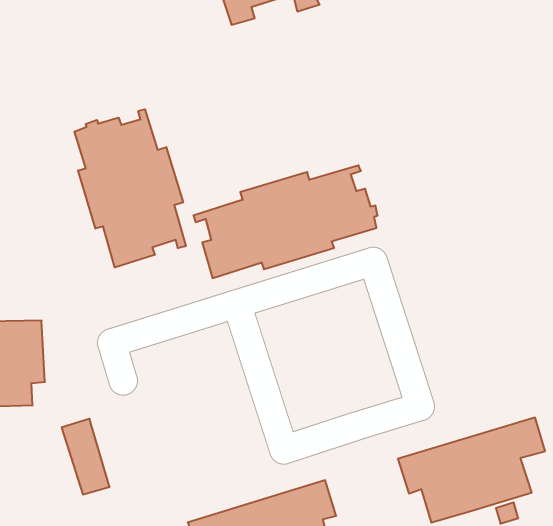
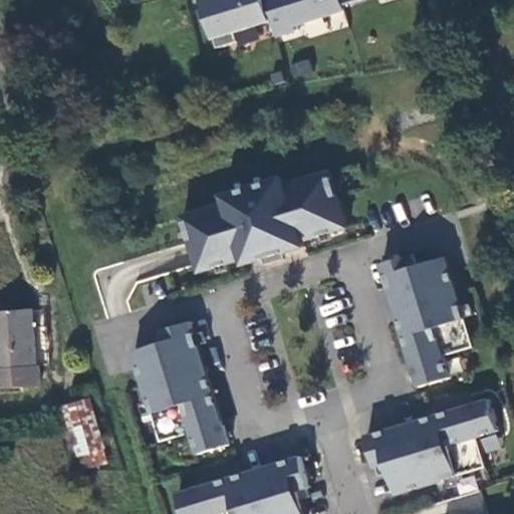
building: [75,109,186,267] -> none
building: none -> [377,254,470,387]
building: none -> [130,321,225,453]

